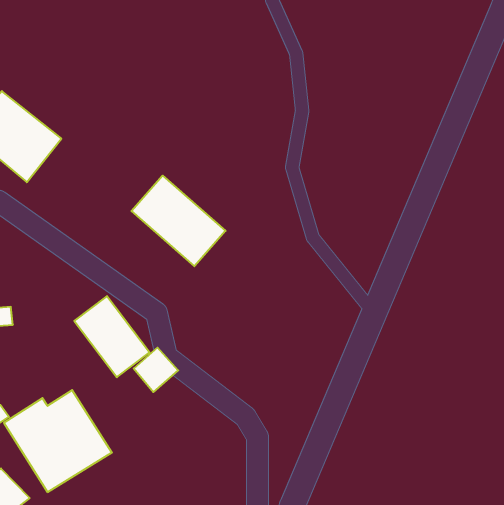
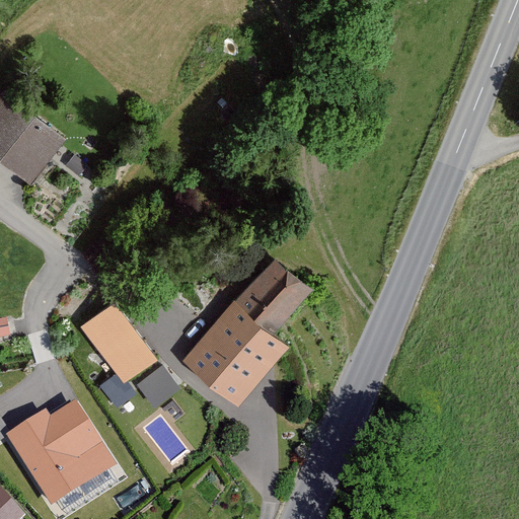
building: [131,176,226,266] -> none
building: none -> [183,257,309,405]

